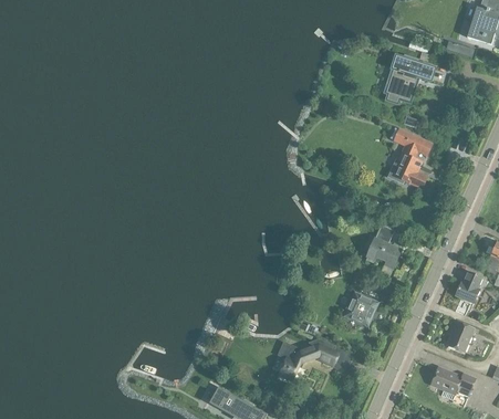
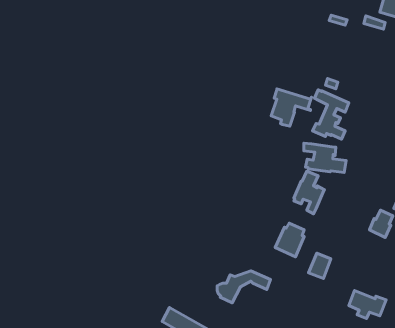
building: [387,55,435,99] -> [271,89,311,126]
building: none -> [304,143,346,173]
building: [448,322,475,352] -> [308,253,331,278]

